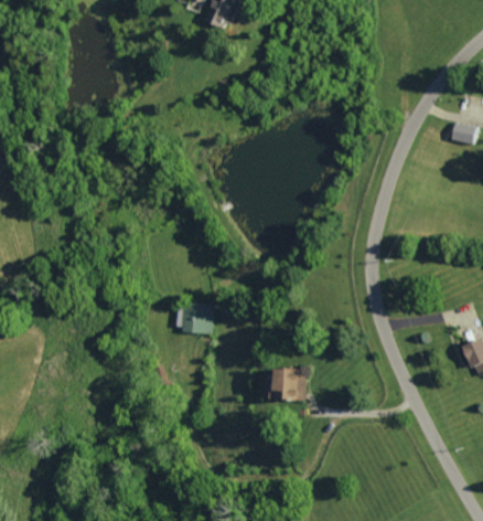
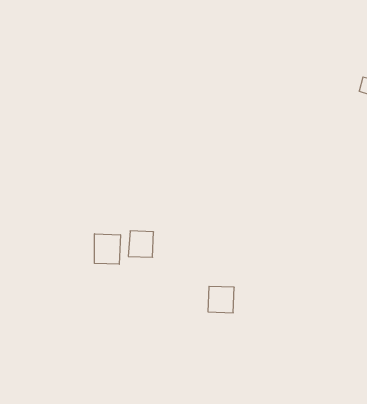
building: none -> [94,234,120,264]

